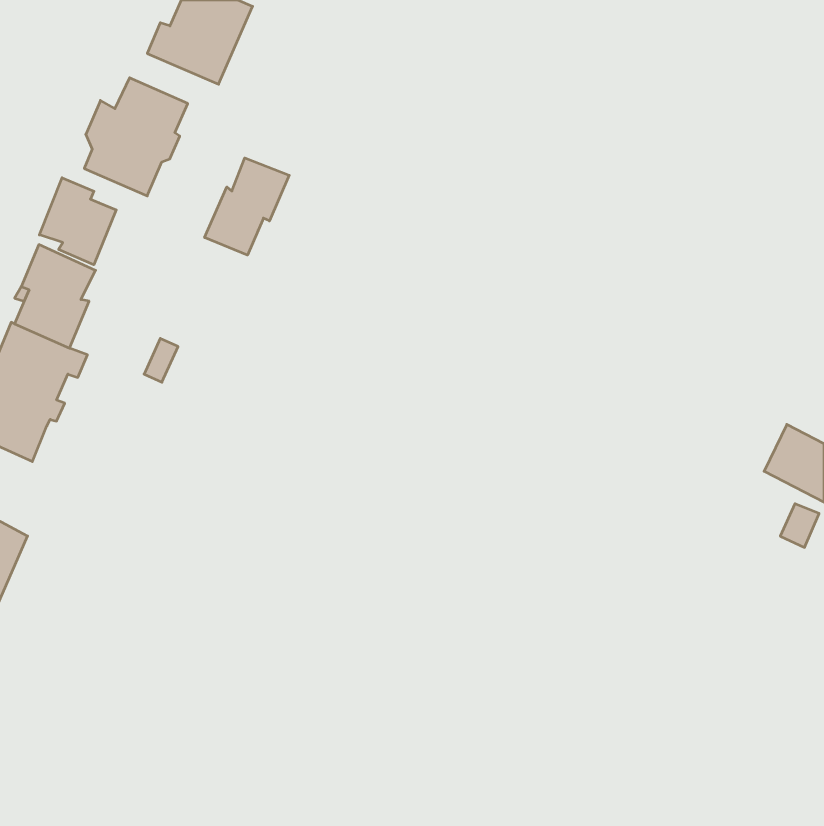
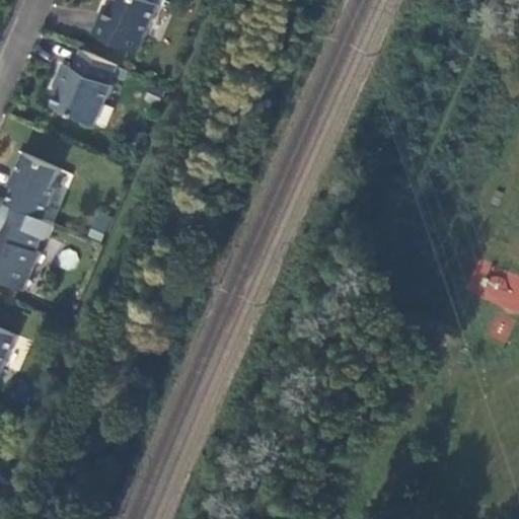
building: [205,158,289,255] -> none
building: [39,178,116,265] -> none

